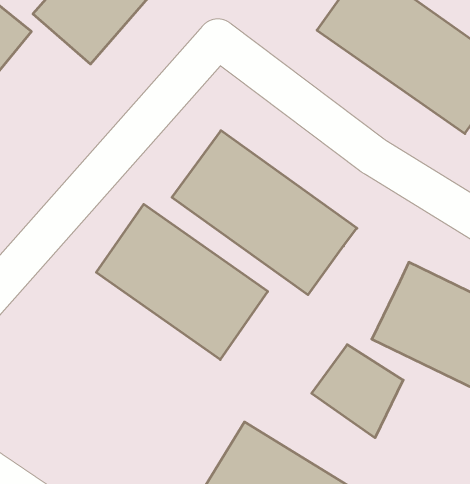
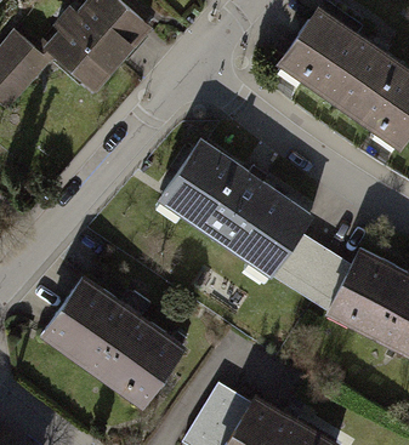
building: [96,204,268,360] -> [40,279,181,406]
building: [312,345,403,438] -> [273,238,348,314]

